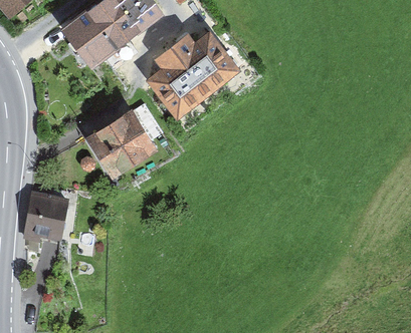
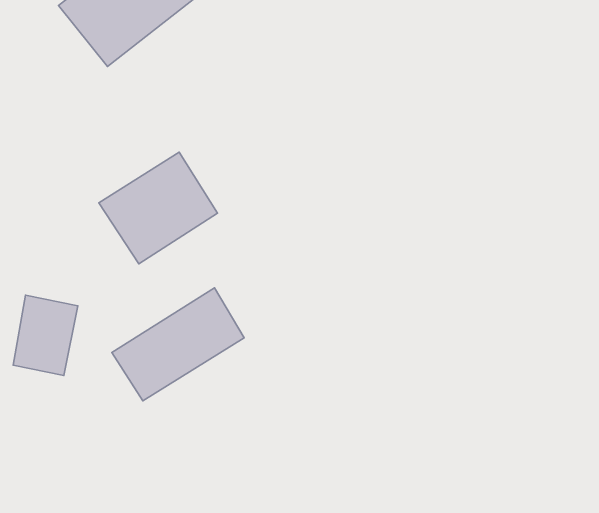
building: [153,32,237,109] -> none
building: none -> [112,288,244,401]

